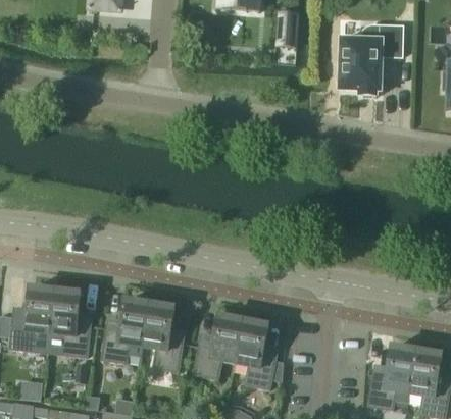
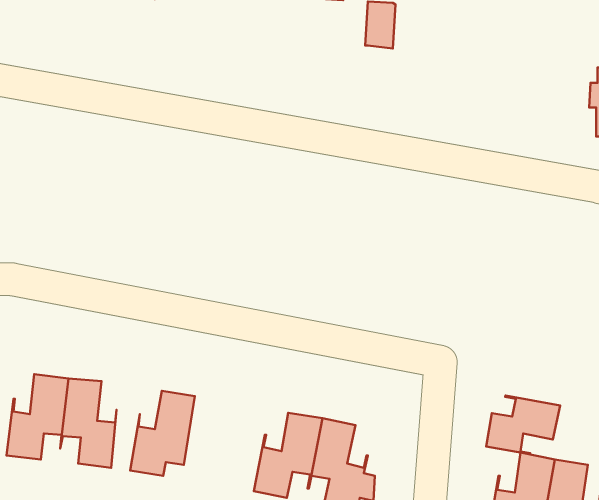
building: [339,25,402,96] -> none
building: none -> [486,396,560,454]
building: [141,304,185,371] -> none

